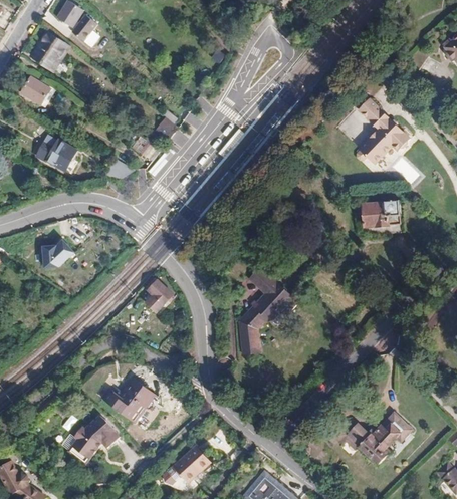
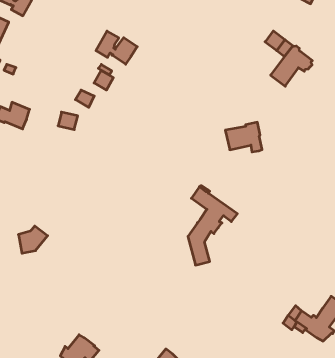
building: none -> [96,31,137,64]
building: [362,200,401,233] -> [225,122,262,152]
building: [42,238,75,267] -> [18,226,48,253]
building: [145,279,173,312] -> none
building: [101,379,154,421] -> none

